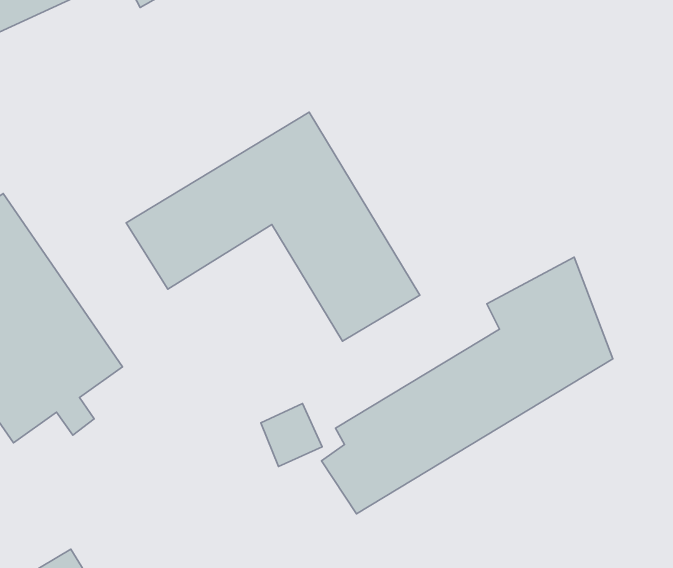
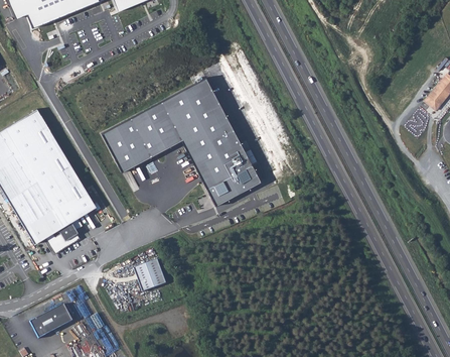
building: [322,257,613,514] -> none
building: [261,403,322,466] -> [133,260,165,293]

